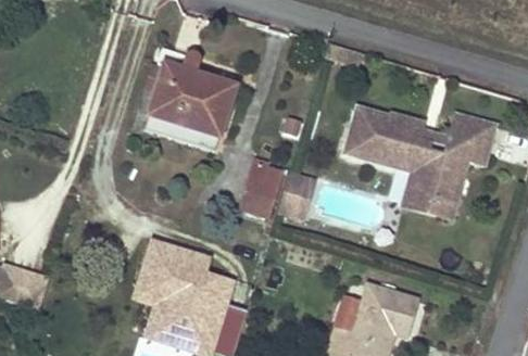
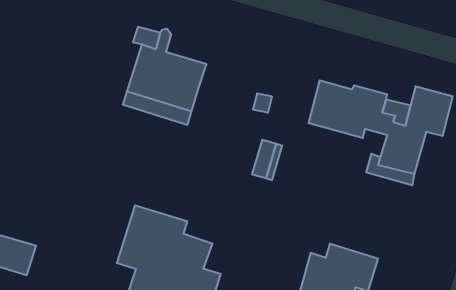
building: [240,156,285,216] -> none

